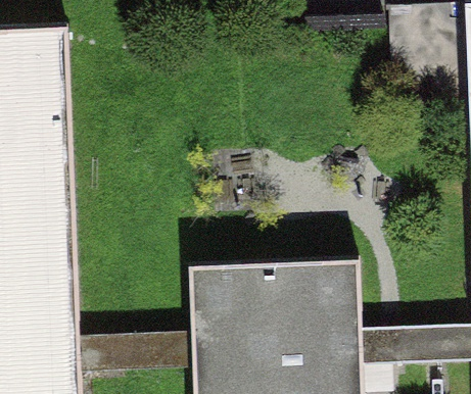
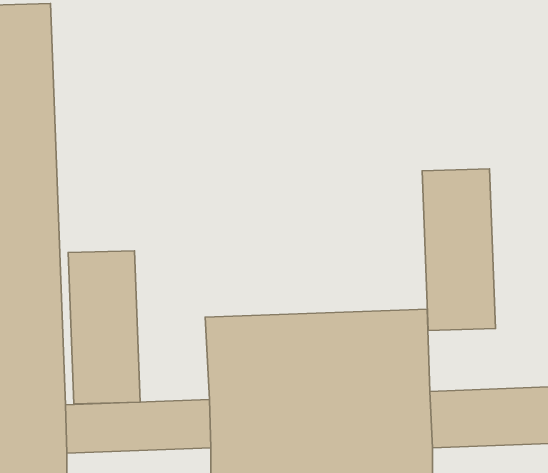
building: none -> [422,169,496,331]
building: none -> [68,251,140,404]

